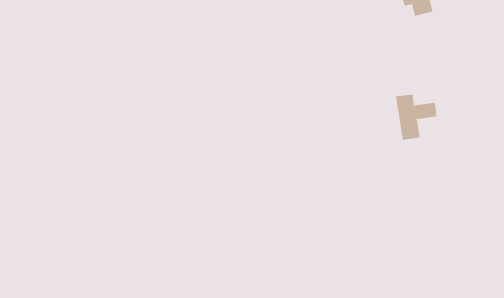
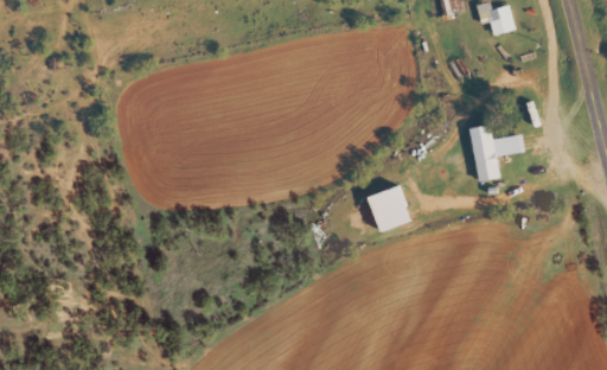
building: none -> [368,185,410,230]

